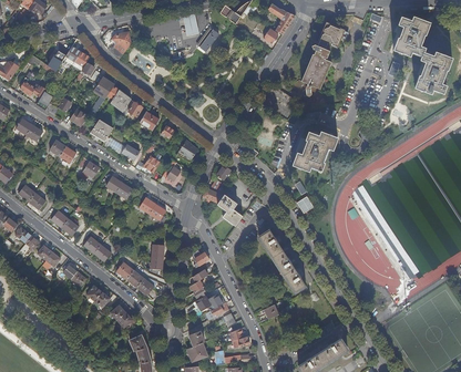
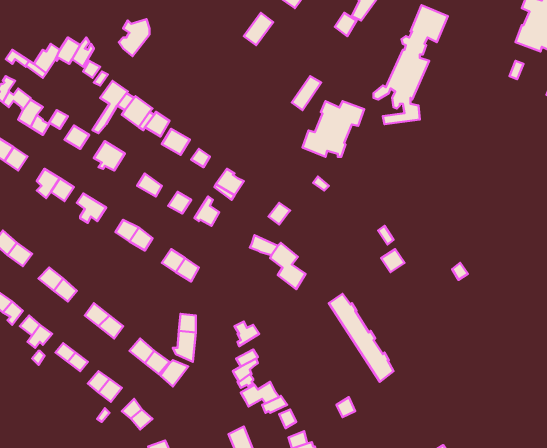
building: [293,131,337,171] -> [302,101,364,157]

